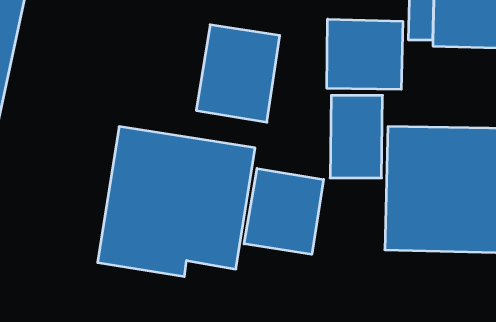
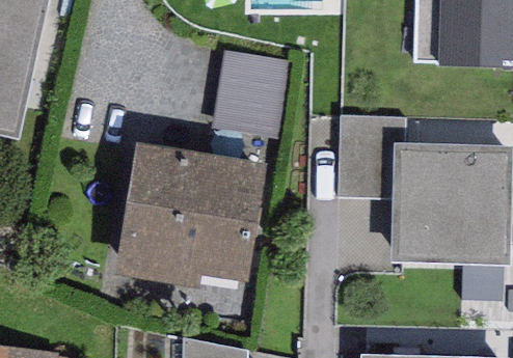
building: [327,19,403,89] -> none
building: [244,168,324,254] -> none

